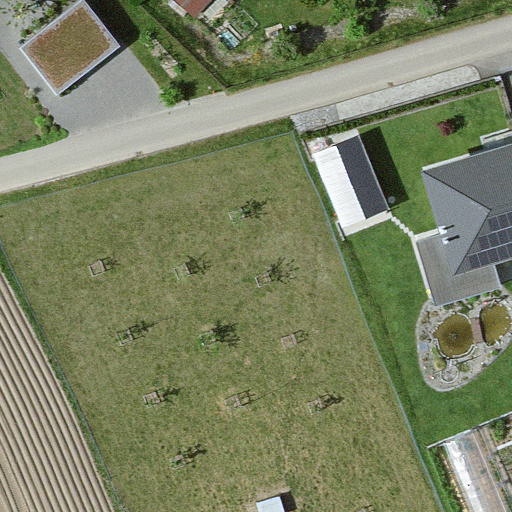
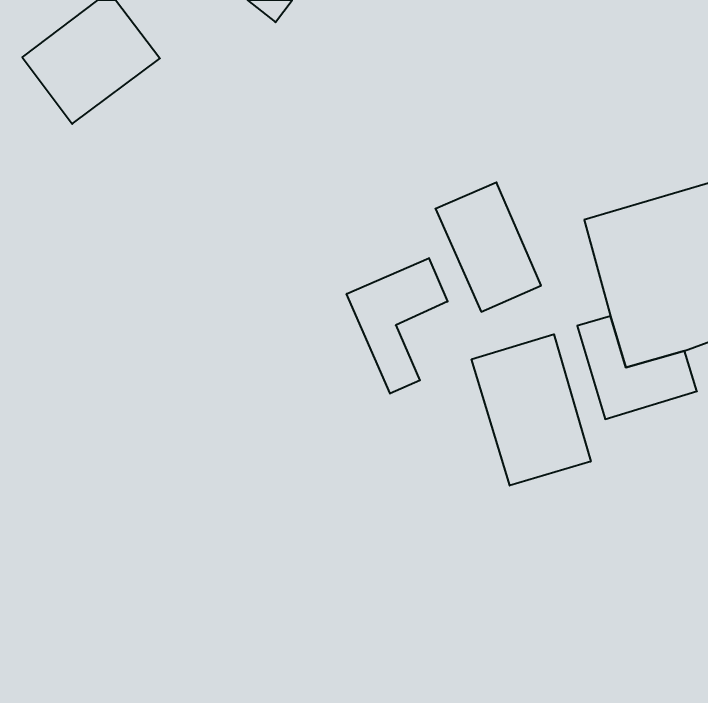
building: none -> [347,258,448,394]
building: none -> [472,334,591,486]

